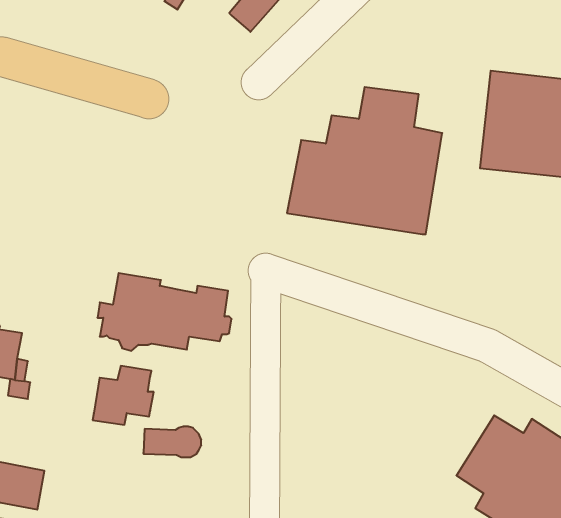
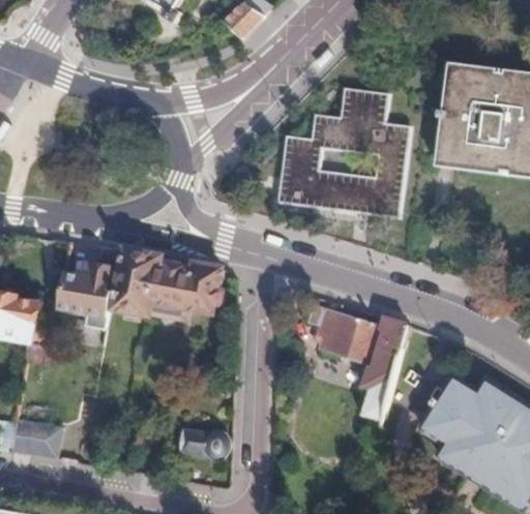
building: none -> [306,306,406,422]
building: [93,366,154,425] -> [58,267,112,319]
building: [143,427,201,457] -> [180,426,231,453]

